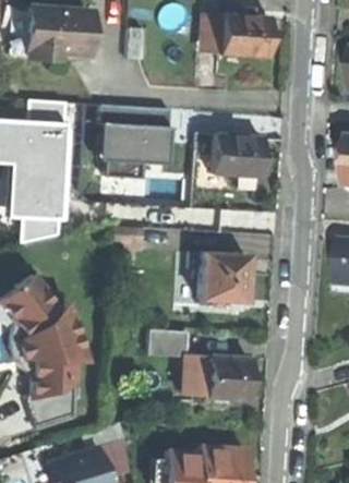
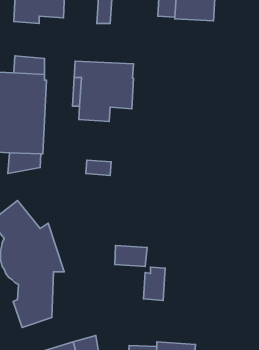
building: [213,133,262,185] -> none
building: [189,250,246,299] -> none
building: [207,355,251,397] -> none

